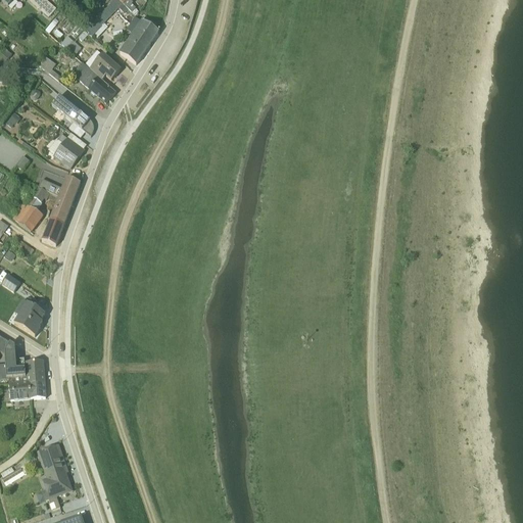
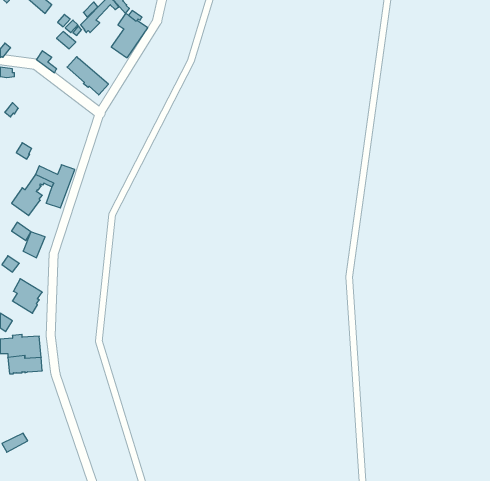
building: [84,48,121,79] -> none
building: [51,93,93,136] -> none
building: [48,131,84,167] -> none
building: [41,217,64,244] -> [23,232,45,258]
building: [37,441,72,498] -> none

